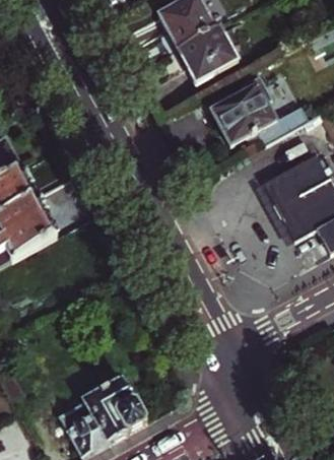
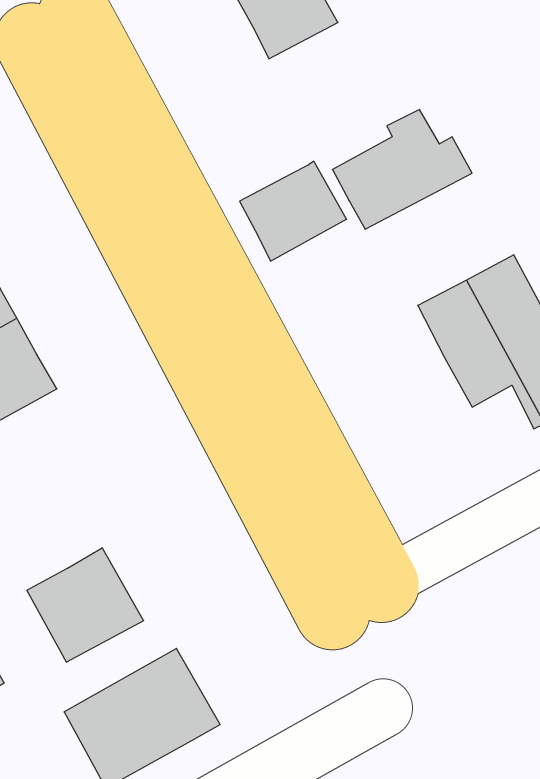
building: [176,25,236,81] -> [240,161,347,261]
building: none -> [27,548,144,662]

